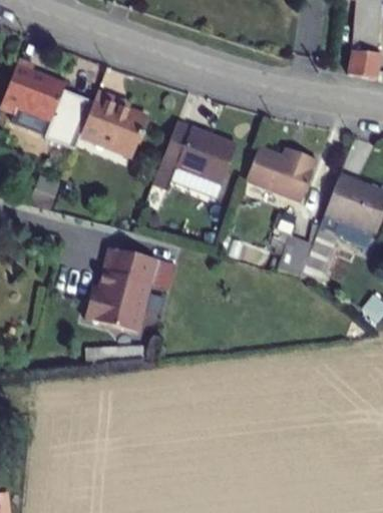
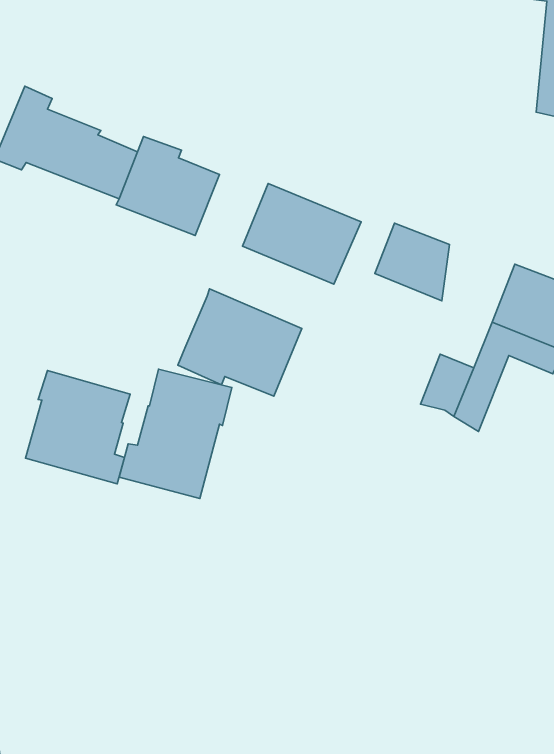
building: [293,154,321,203] -> none
building: none -> [178,289,302,396]
building: none -> [25,370,130,484]

